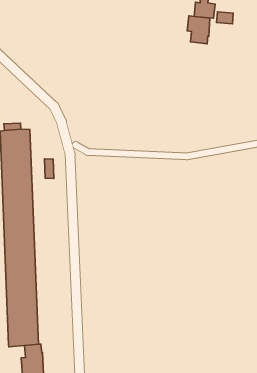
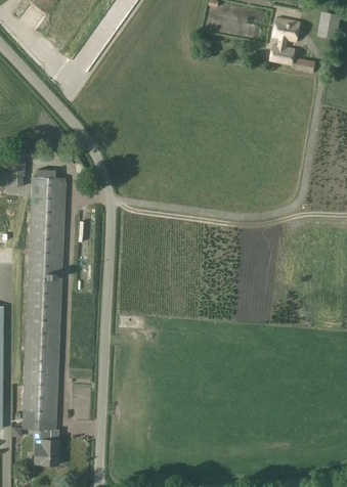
building: [187,16,210,44] -> none

